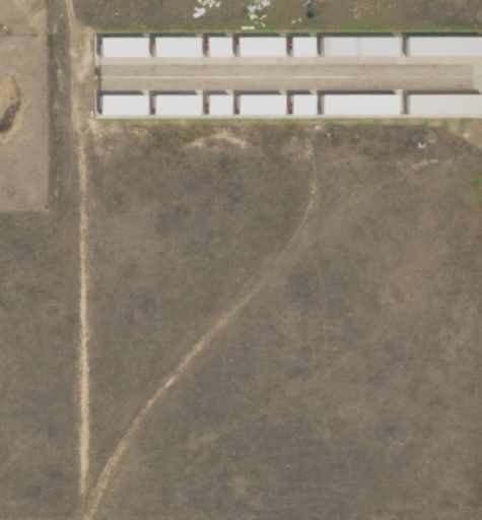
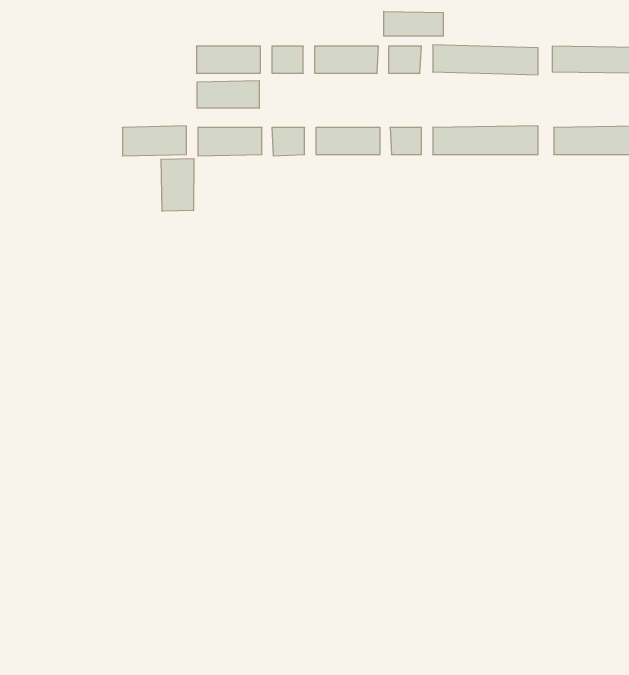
building: none -> [384,11,443,36]
building: [102,37,147,56] -> [197,81,260,108]
building: none -> [161,159,194,211]

